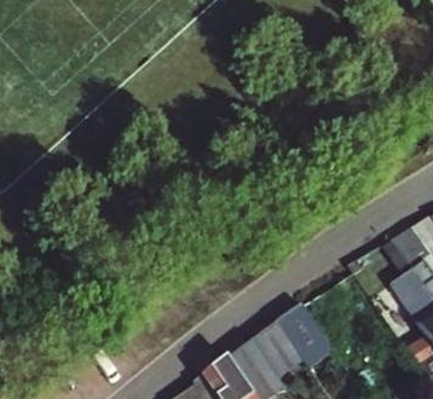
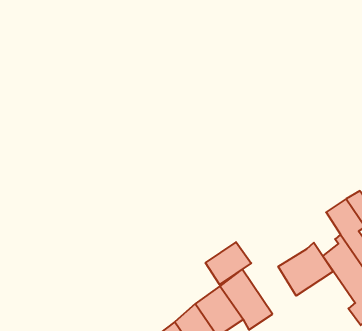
building: none -> [206,242,251,284]
building: none -> [278,243,333,296]

